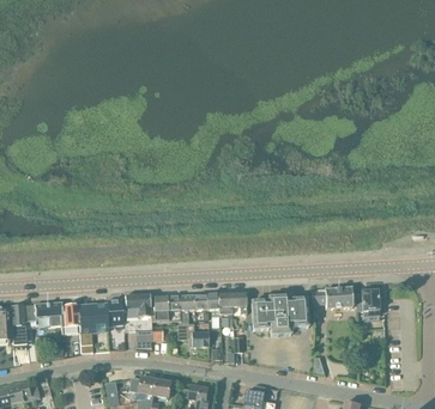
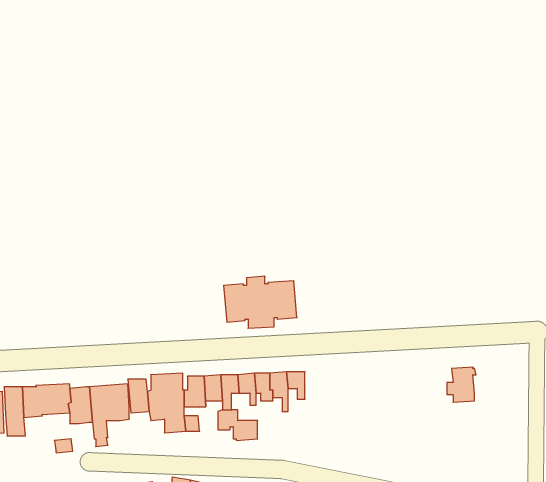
building: [310,287,351,309] -> none
building: [249,294,307,335] -> [224,276,297,328]

